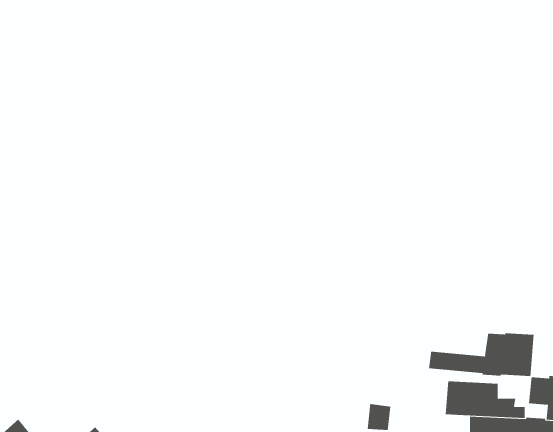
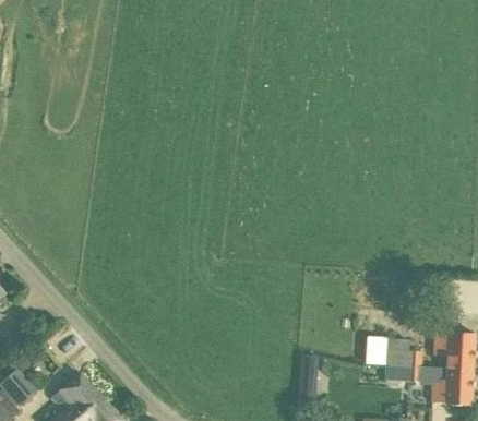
building: [428,333,534,377] -> none

